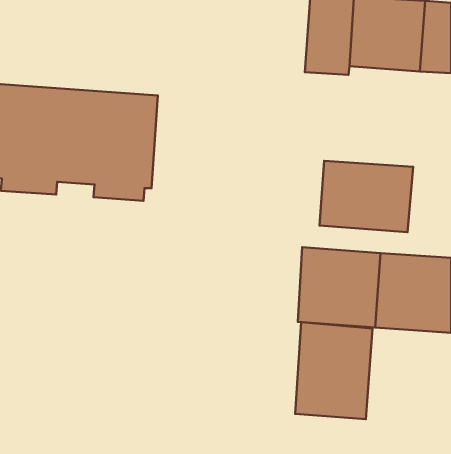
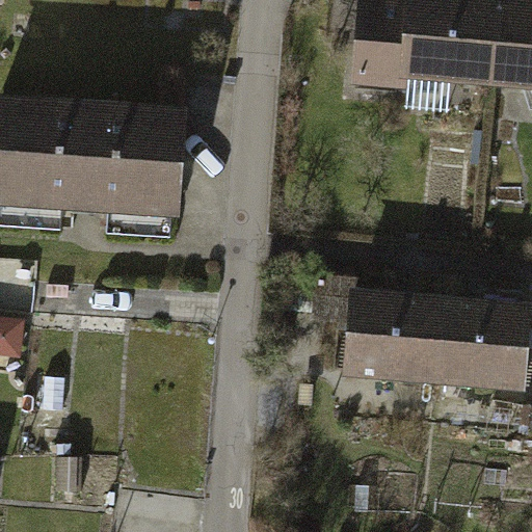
building: [319,161,413,232] -> none
building: [295,322,373,419] -> none

